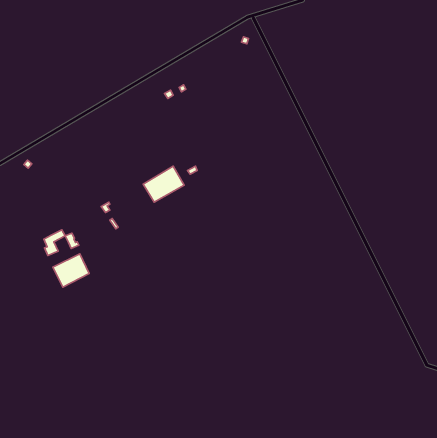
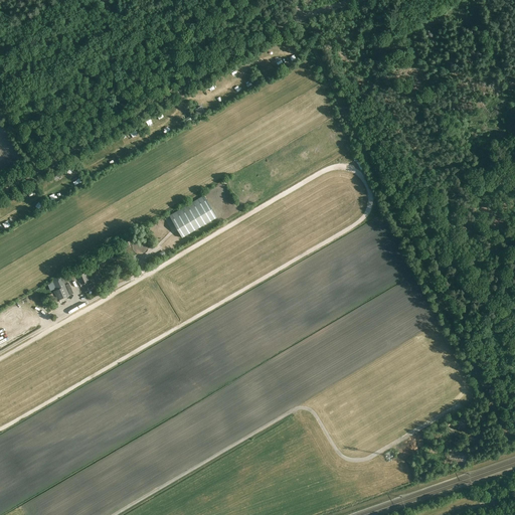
building: [53,254,89,287] -> none

